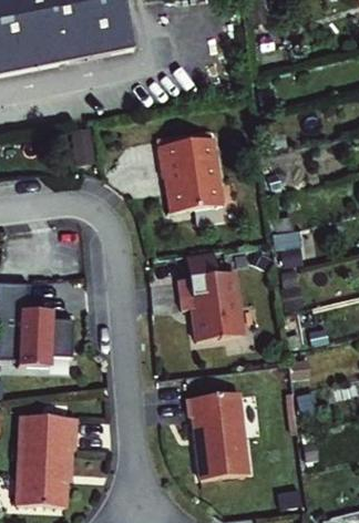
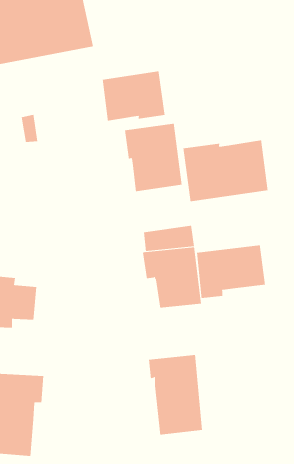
building: none -> [102,71,165,121]
building: none -> [183,140,268,202]
building: none -> [196,244,266,299]

